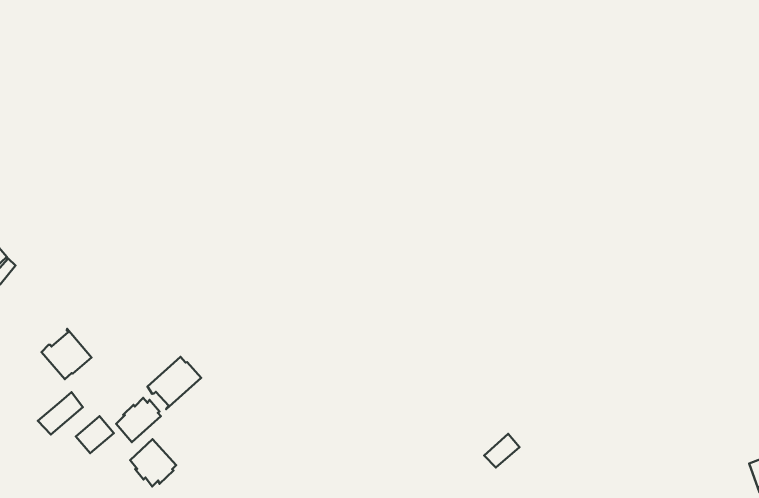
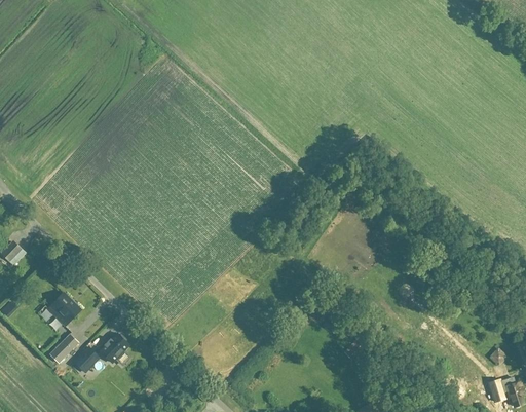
building: [148,357,201,409] -> none
building: [130,439,176,486] -> none

